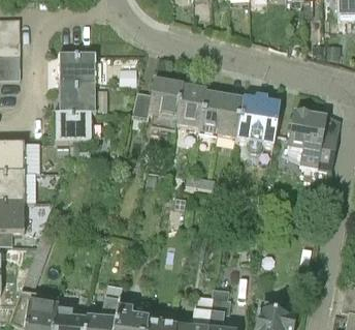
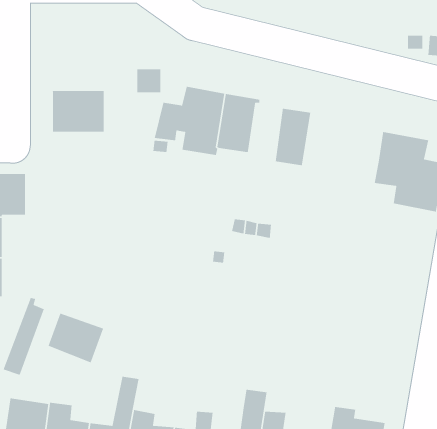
building: [58,53,96,81] -> none
building: [196,90,222,131] -> none
building: [236,93,280,150] -> none
building: [55,110,92,157] -> none
building: none -> [48,313,104,363]

